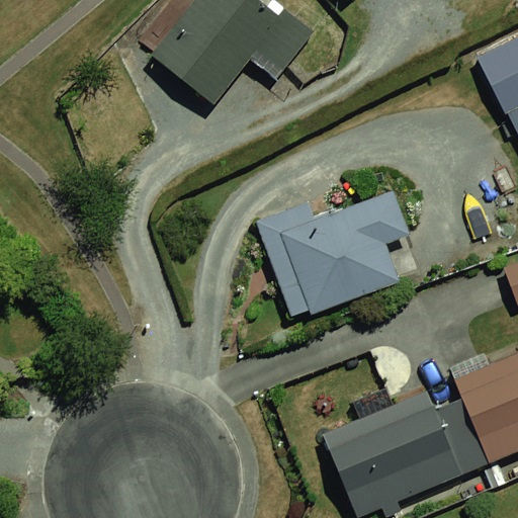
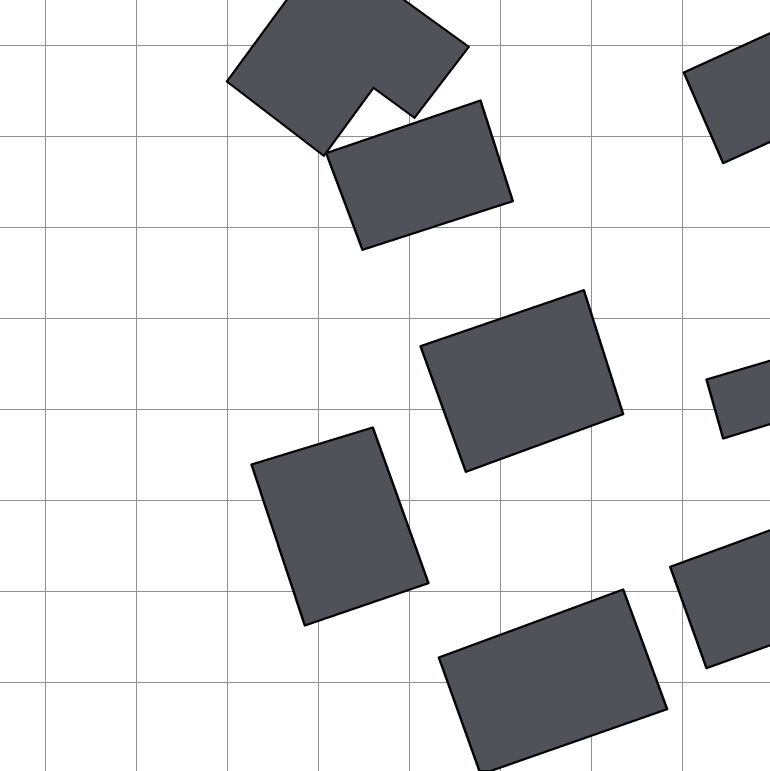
building: none -> [326,100,513,250]
building: none -> [251,427,429,625]

